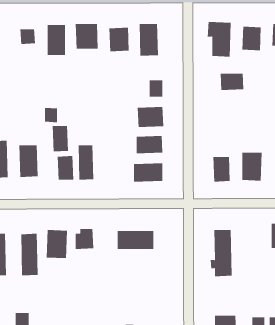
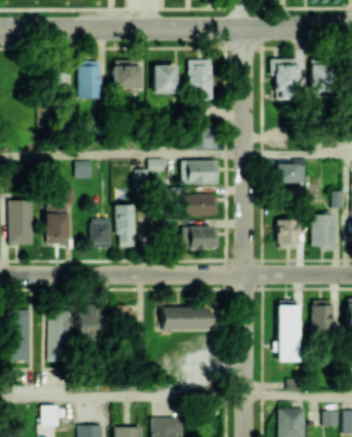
building: [220,73,244,91] -> [277,164,306,185]
building: [52,125,68,152] -> none
building: none -> [312,301,334,335]

